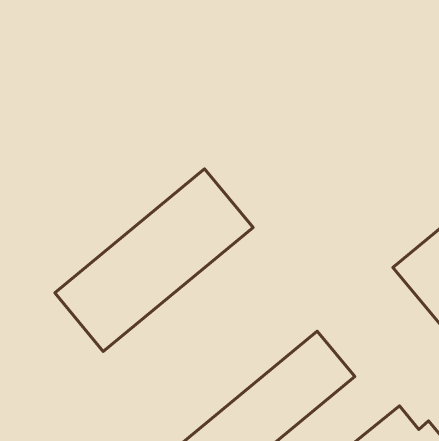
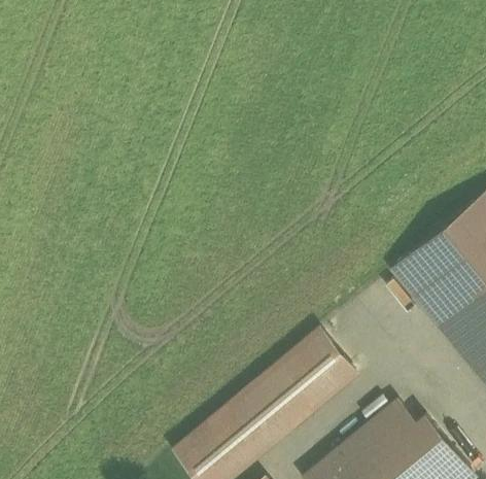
building: [55,169,253,352] -> none

